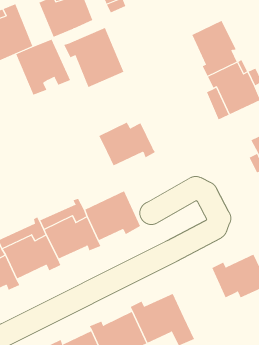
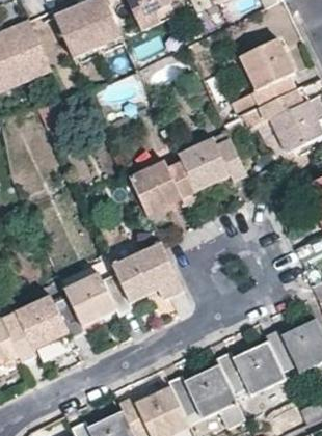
building: [64,27,124,88] -> none
building: [15,39,71,95] -> none
building: none -> [177,137,247,191]
building: none -> [215,340,284,394]

